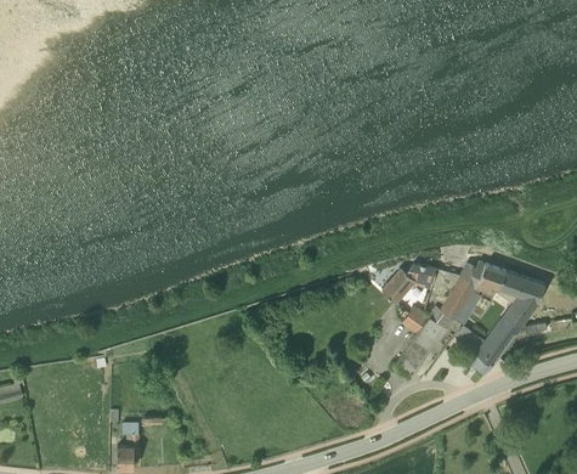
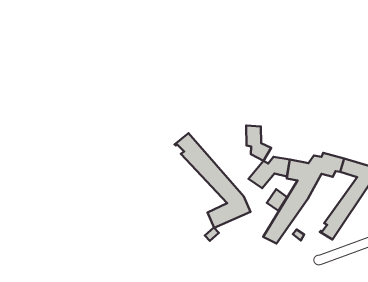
building: none -> [246,125,271,161]
building: none -> [174,133,250,228]

